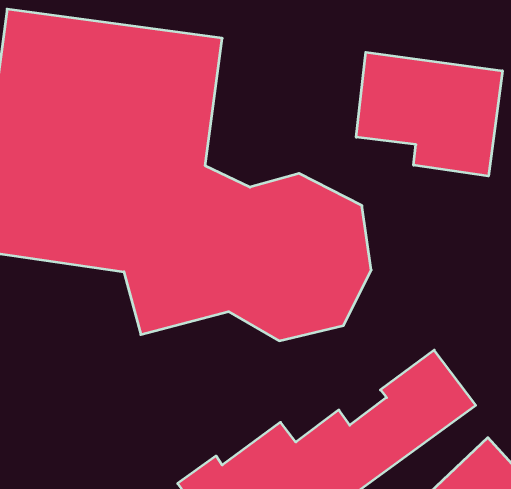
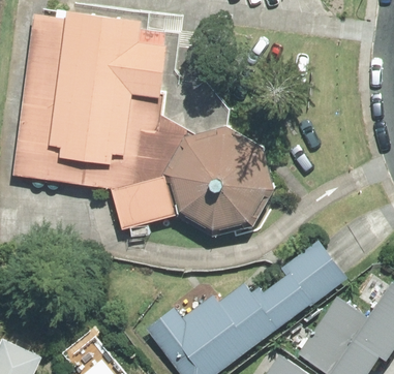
building: [356,52,502,176] -> none

